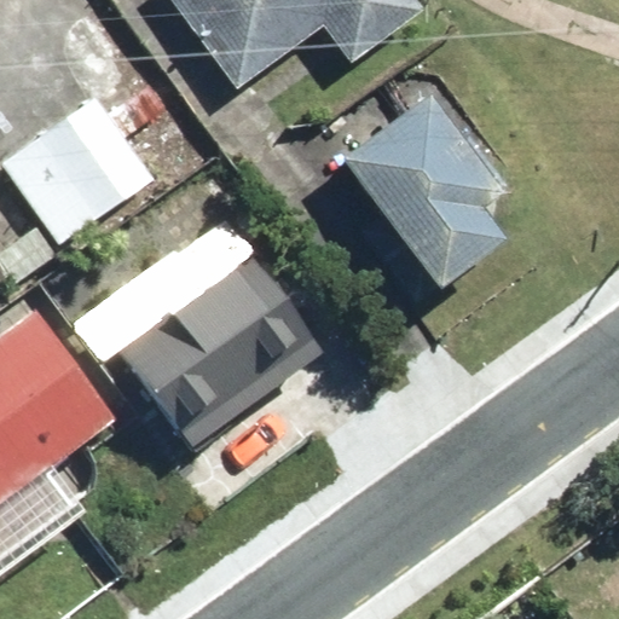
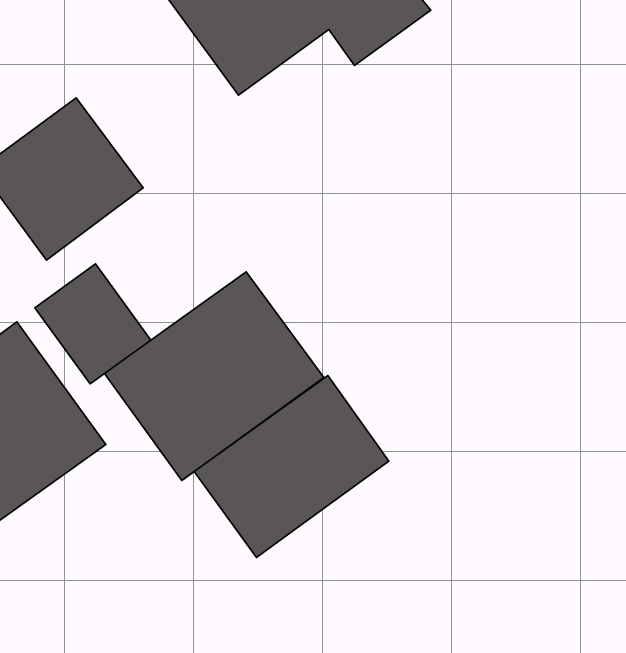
building: [331,74,532,284] -> none
building: none -> [194,376,389,557]

